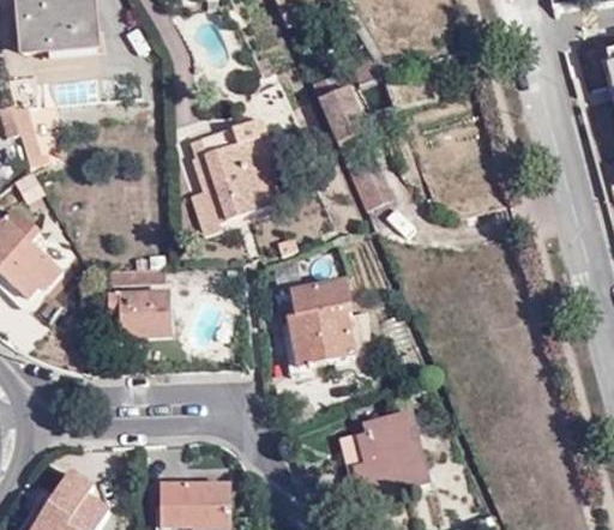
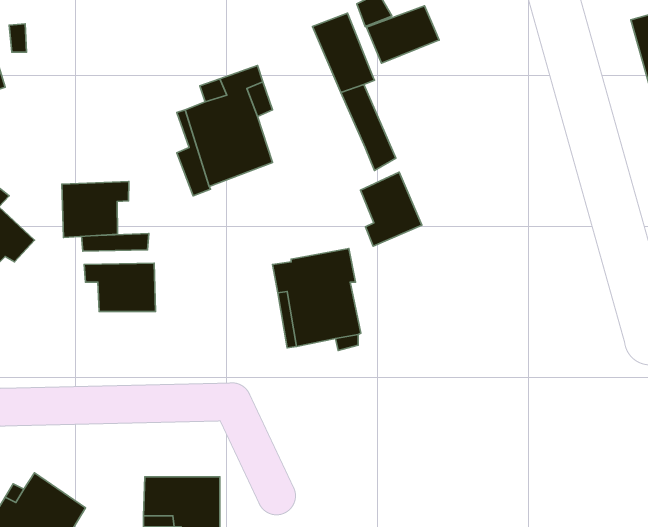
building: none -> [367,6,439,63]
building: none -> [360,172,422,246]
building: none -> [62,181,129,237]
building: [355,411,428,499] -> none

